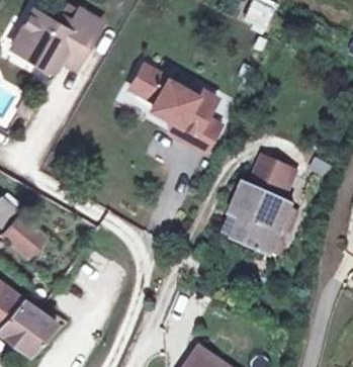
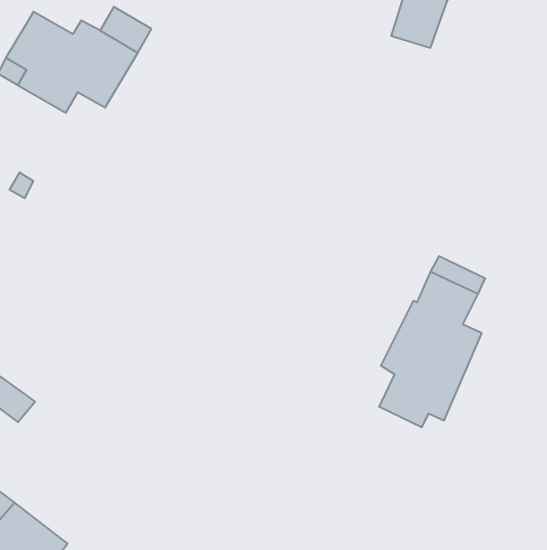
building: [131,63,218,150] -> none

